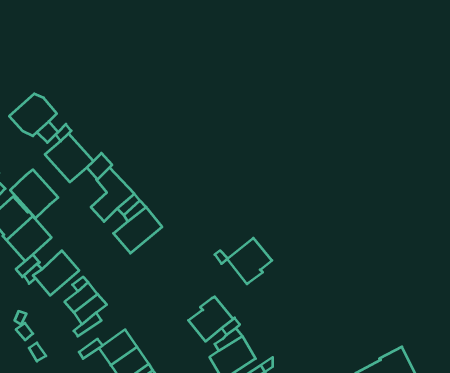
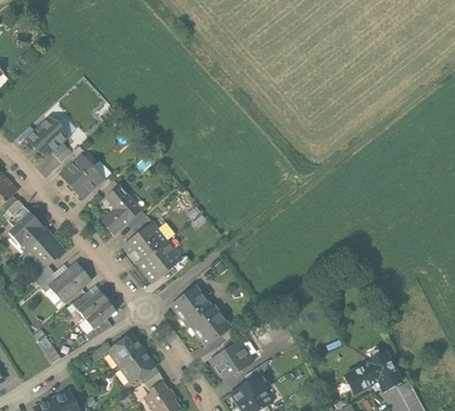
building: [10,170,58,218] -> none
building: none -> [137,239,180,281]
building: [227,238,272,284] -> [171,284,212,326]

